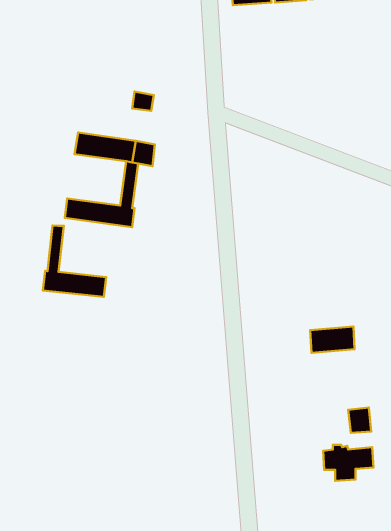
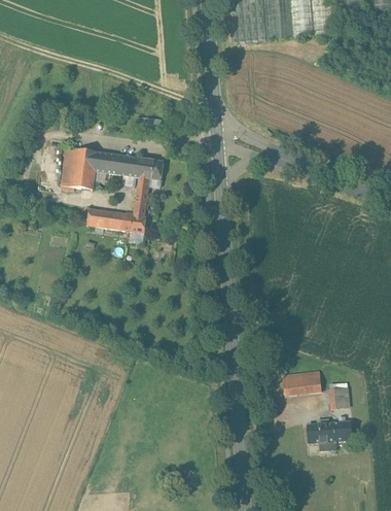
building: none -> [62,145,98,189]
building: [43,225,106,297] -> none
building: [310,327,355,353] -> [281,371,319,394]

